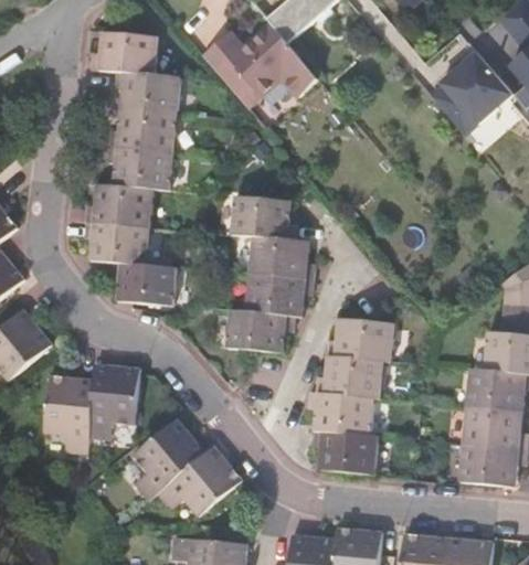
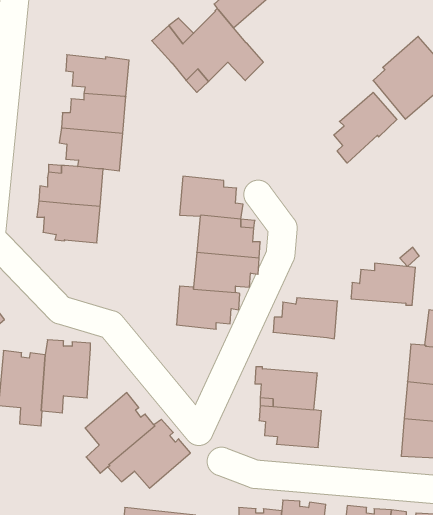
building: [92,33,157,75] -> none
building: none -> [334,92,397,163]
building: [112,260,176,306] -> none
building: [316,356,382,399] -> [351,263,415,305]

